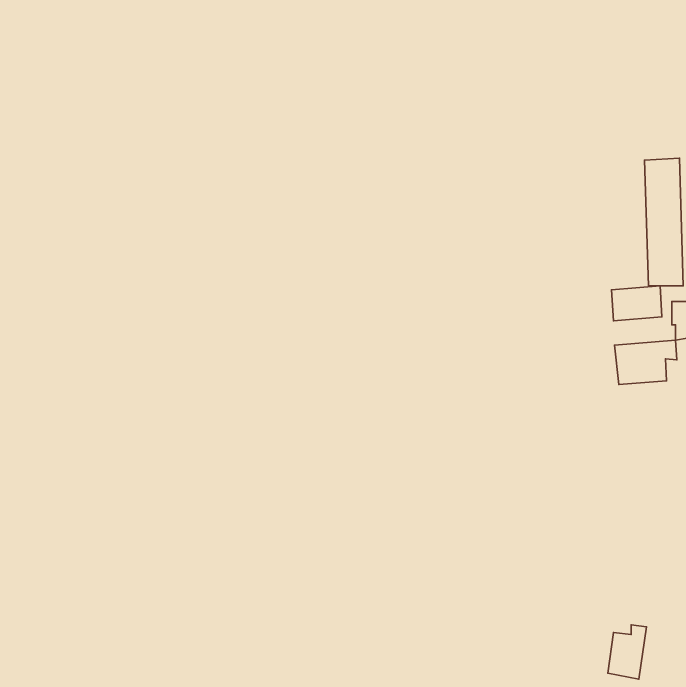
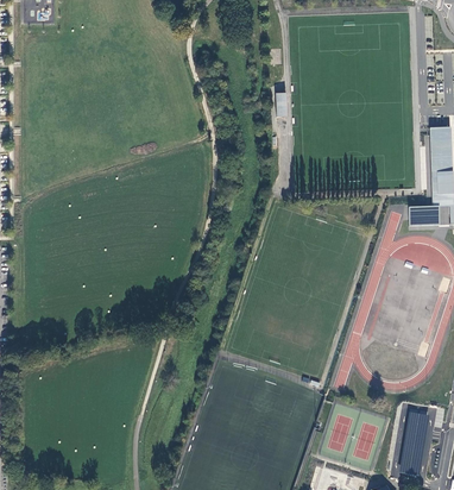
building: [614,340,677,384] -> none

